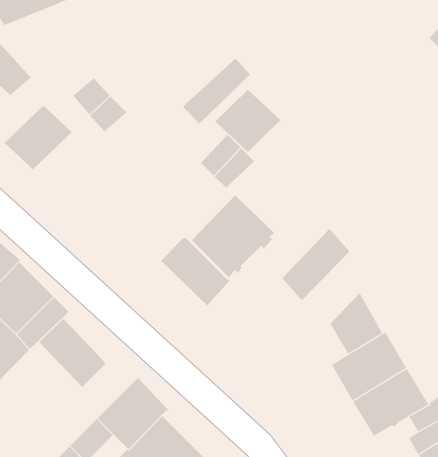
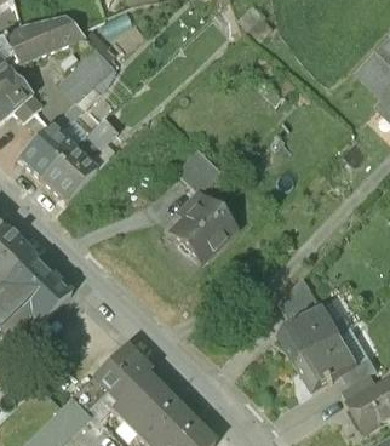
building: [182,58,251,125] -> [59,52,114,105]
building: [215,89,281,153] -> none
building: none -> [44,147,98,199]
building: [281,228,350,301] -> none
building: [160,236,231,306] -> none
building: [39,318,107,388] -> none

